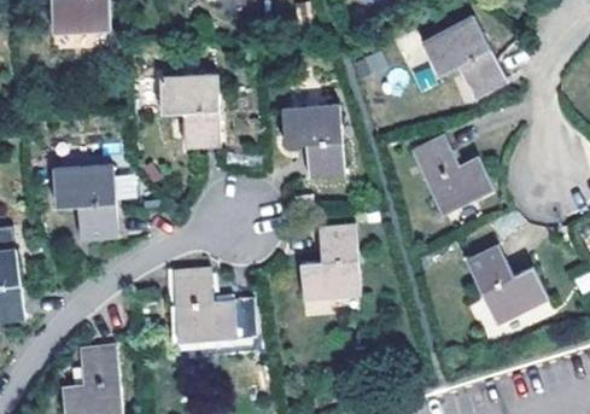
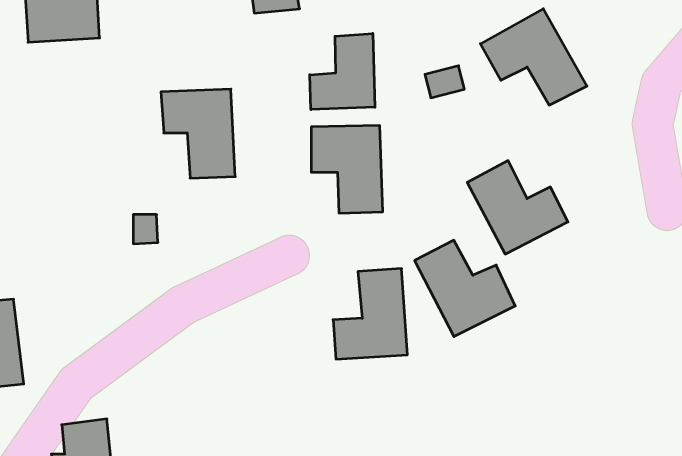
building: none -> [310,33,375,110]
building: [48,164,112,240] -> none
building: [467,244,550,323] -> [415,240,515,337]
building: [170,270,258,348] -> none

